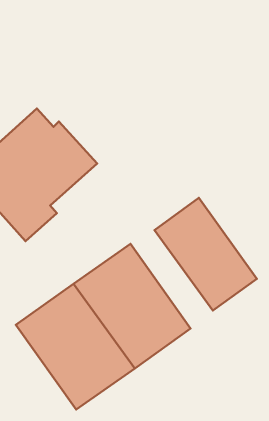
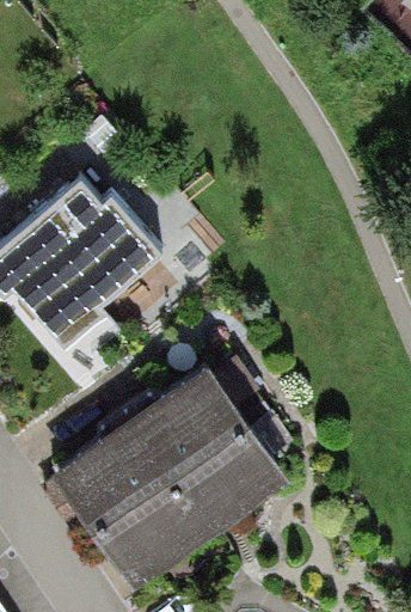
building: [154,198,257,311] -> none

